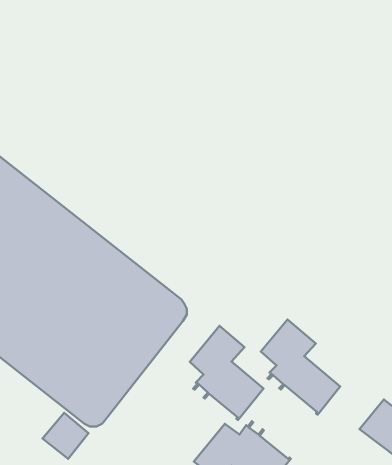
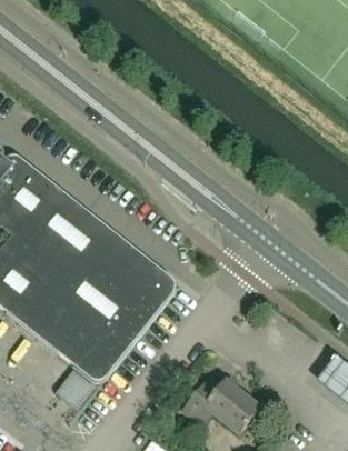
building: [261,319,340,415] -> none
building: [190,326,263,420] -> none

